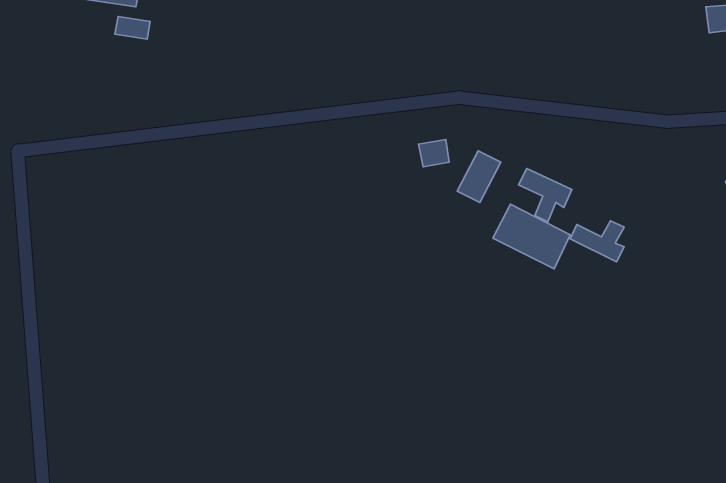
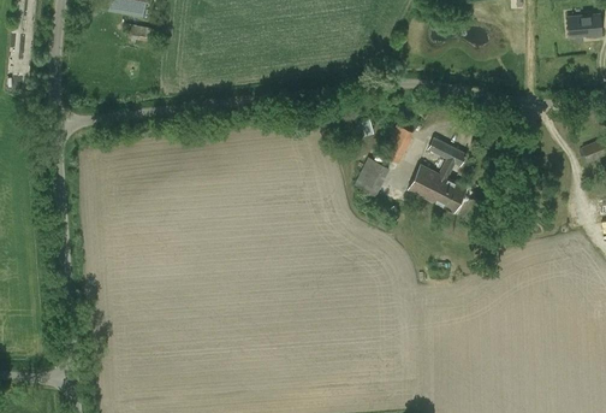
building: none -> [355,157,391,196]
building: [570,221,624,262] -> none

